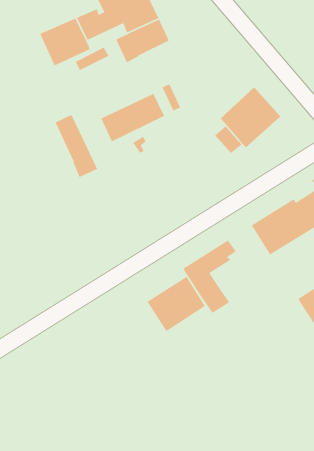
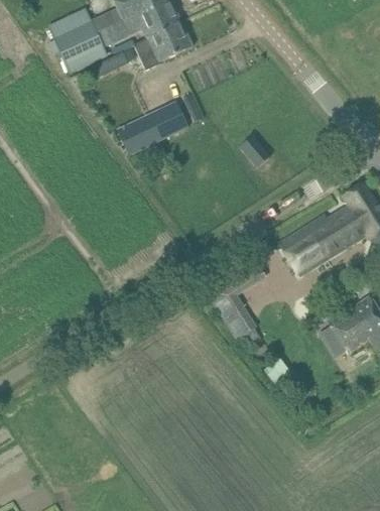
building: [220,87,281,148] -> none
building: [54,114,98,178] -> none
building: [146,276,206,332] -> none

